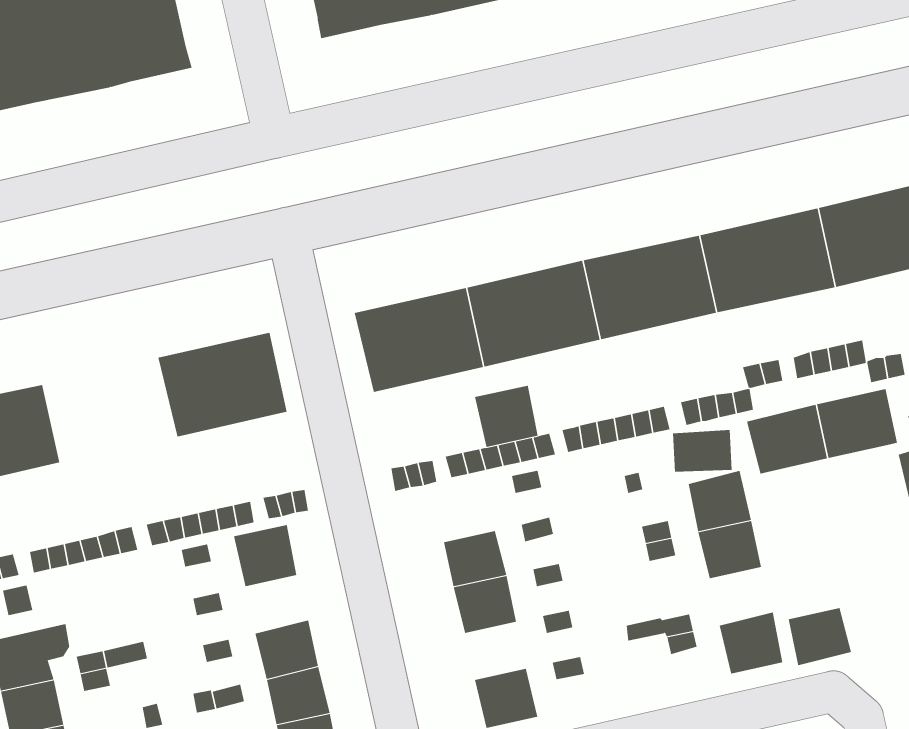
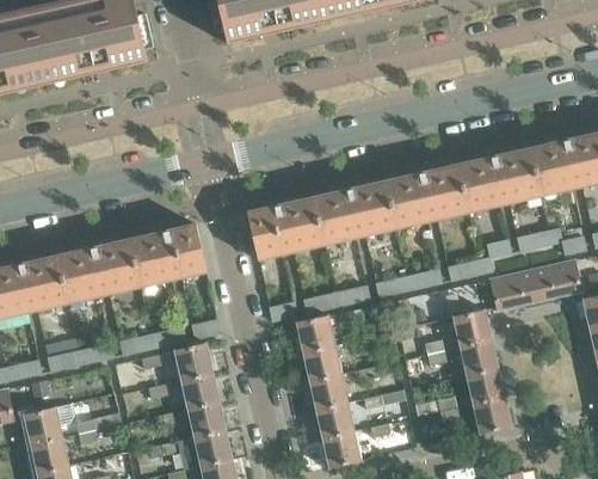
building: none -> [55,238,137,302]
building: [474,385,538,447] -> [294,313,333,351]
building: none -> [179,371,218,407]
building: [788,608,852,666] -> [464,367,504,403]
building: none -> [314,400,352,436]

